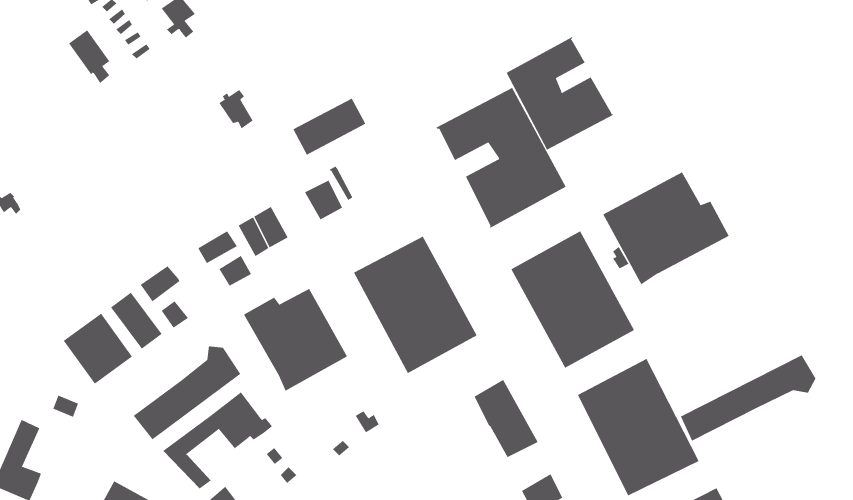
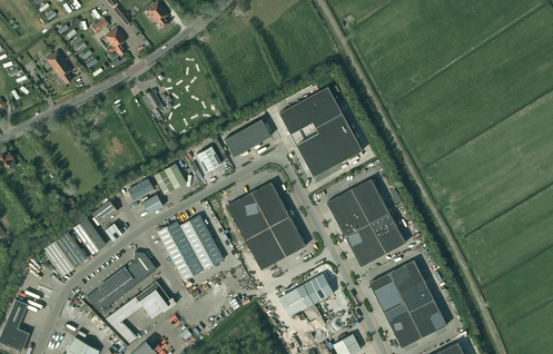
building: [506,36,615,150] -> none
building: [293,98,366,155] -> [224,119,270,156]
building: [603,172,730,285] -> none
building: [680,354,816,441] -> none
building: none -> [279,284,314,316]

